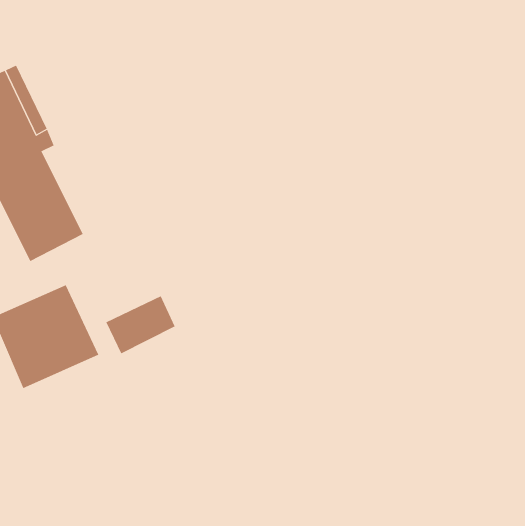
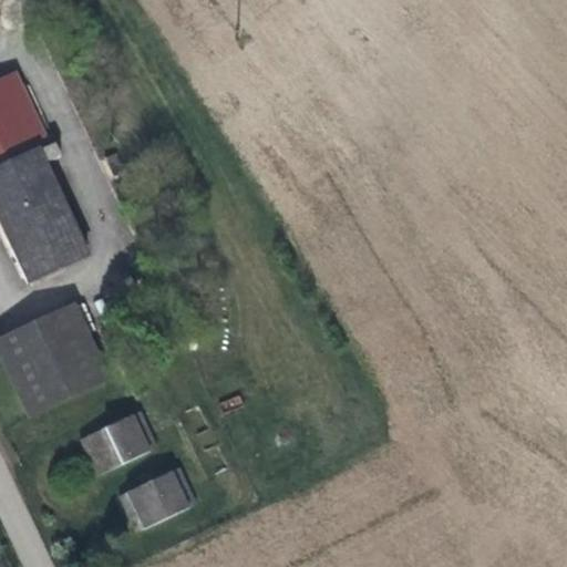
building: [105,295,176,354] -> [79,412,154,475]
building: none -> [115,467,194,532]

